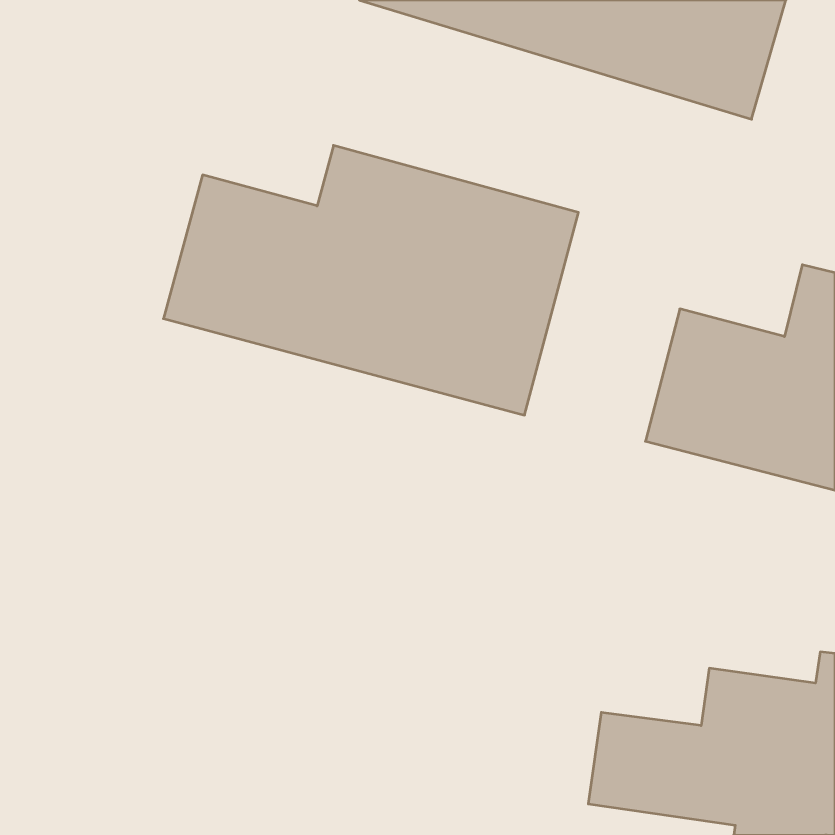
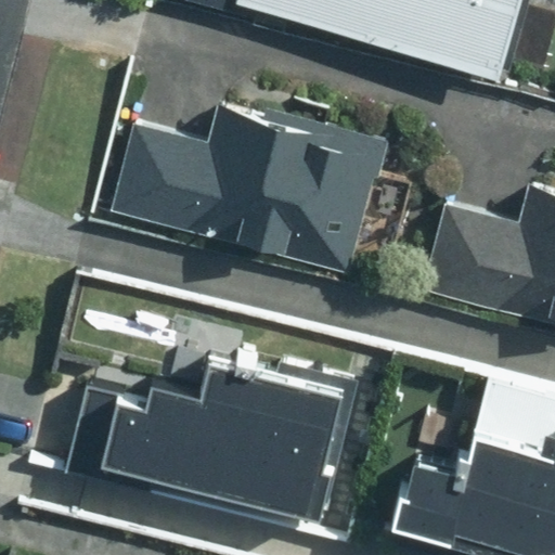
building: none -> [103,364,350,517]

